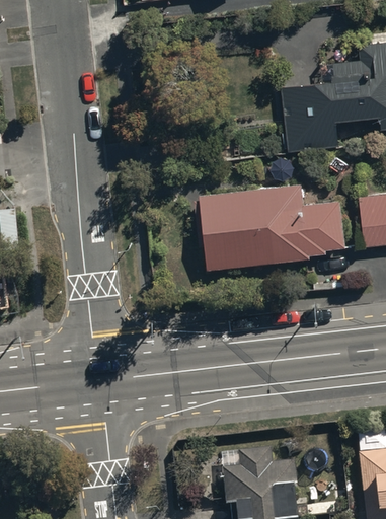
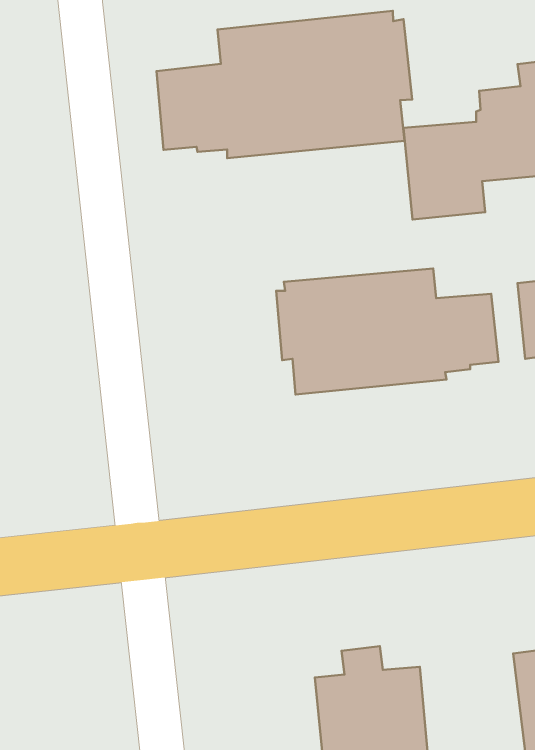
building: none -> [157,11,412,158]

